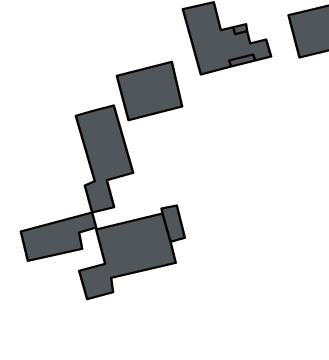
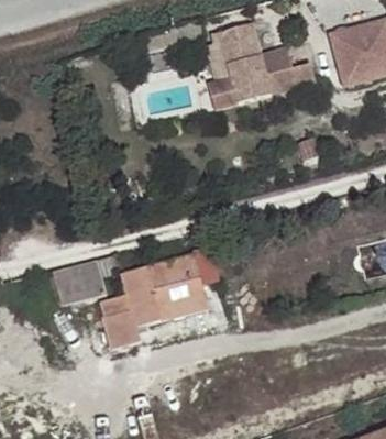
building: [117,62,182,120] -> none
building: [76,106,133,213] -> none

